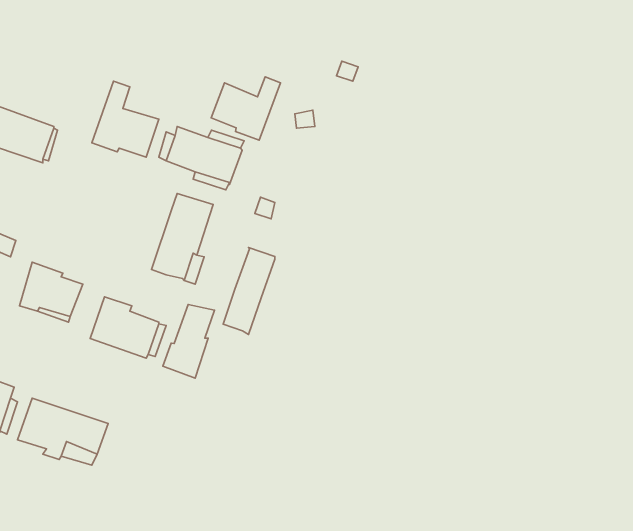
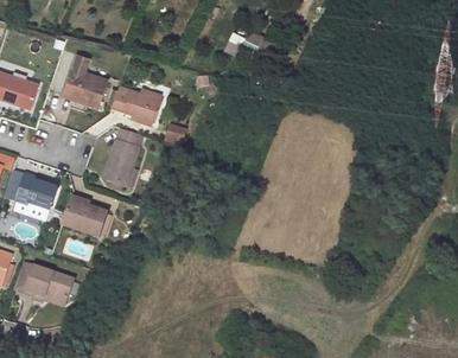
building: [211,77,280,140] -> none
building: [223,248,275,335] -> none
building: [163,305,214,378] -> none

